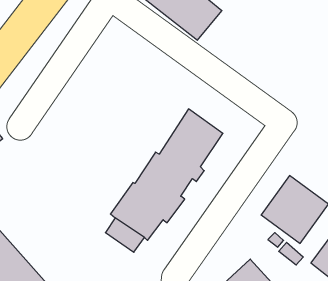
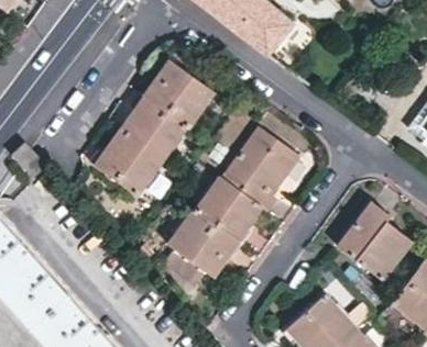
building: none -> [88,64,209,198]

